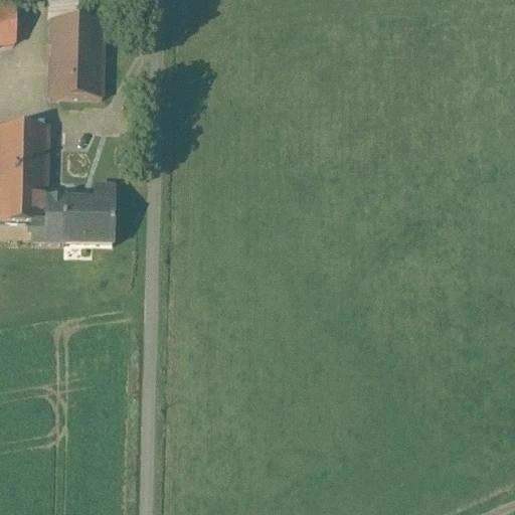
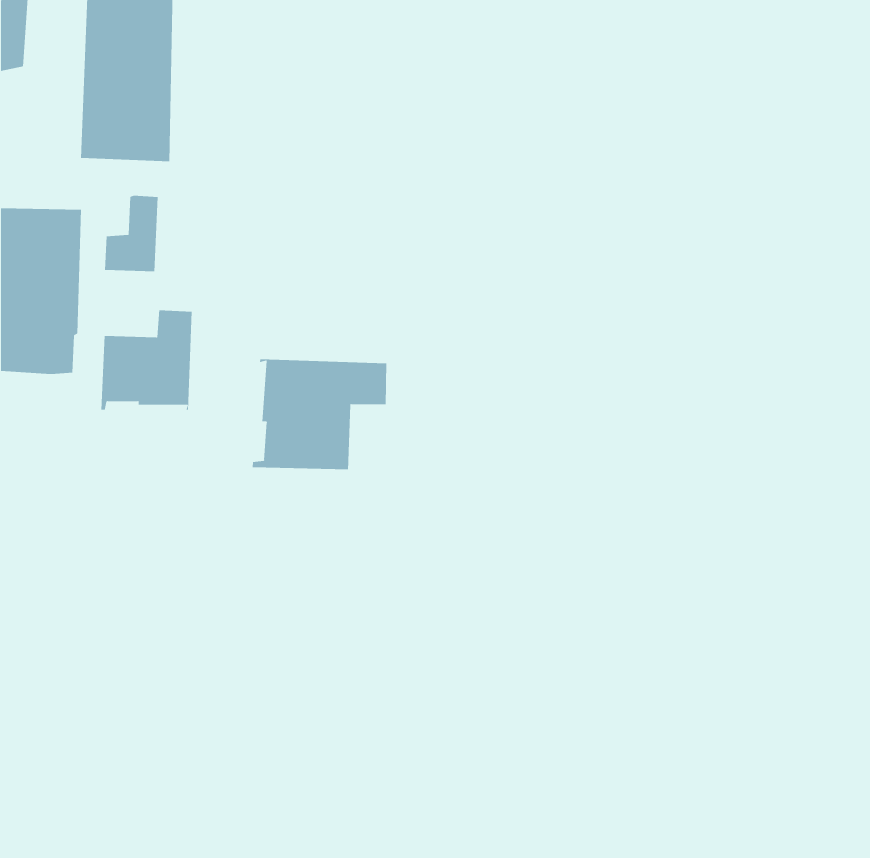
building: [29,197,61,242] -> [104,195,159,272]
building: none -> [252,358,387,470]

